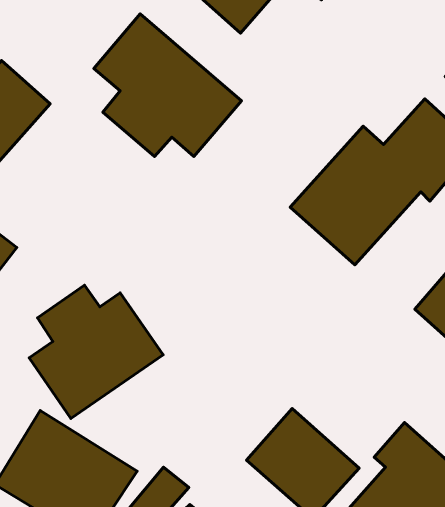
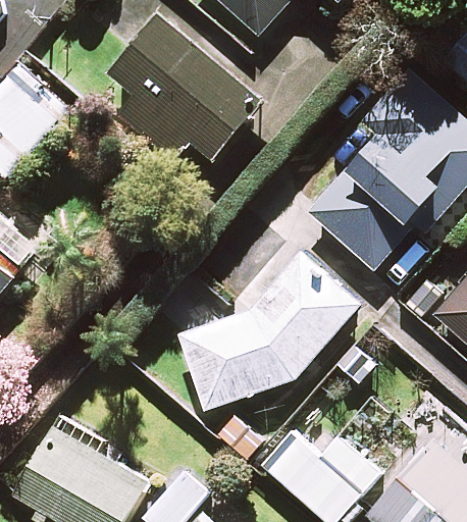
building: none -> [180,256,356,407]
building: [29,285,163,419] -> none

